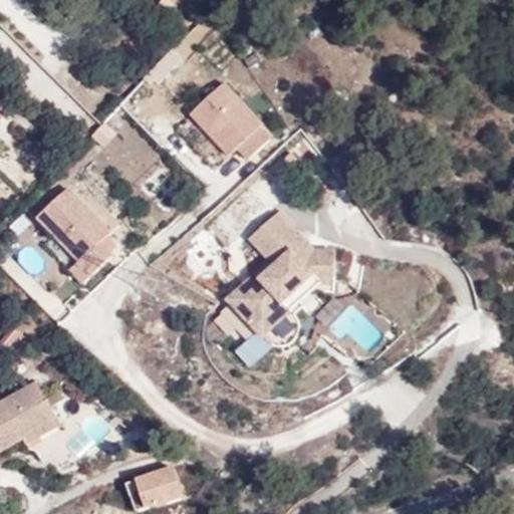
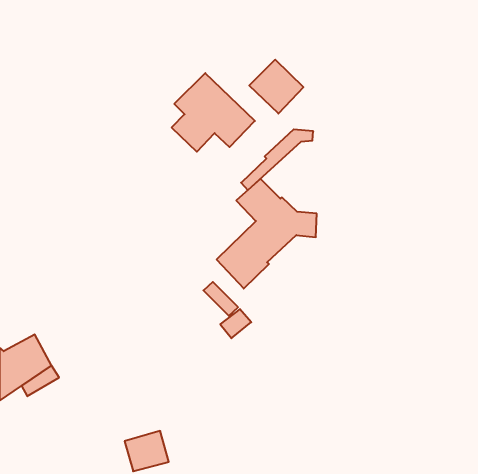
building: none -> [249,60,303,114]
building: [32,189,121,287] -> none
building: [261,257,338,322] -> [241,129,313,190]

